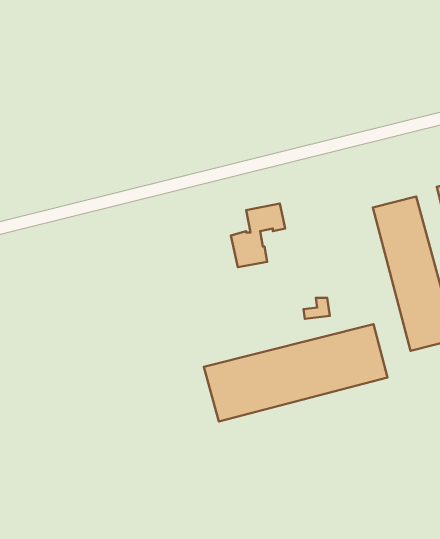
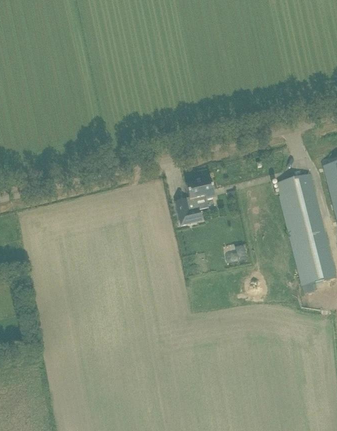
building: [204,324,388,422] -> none

